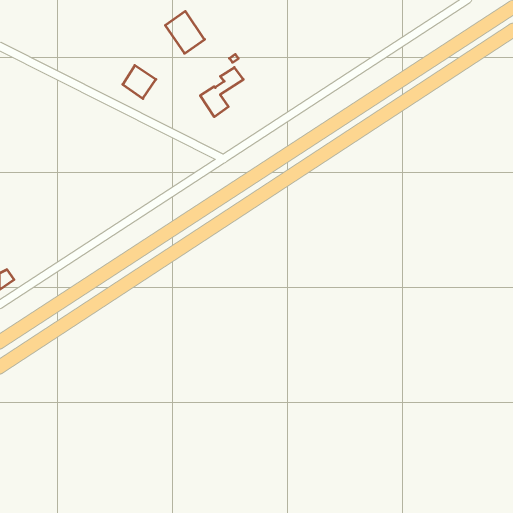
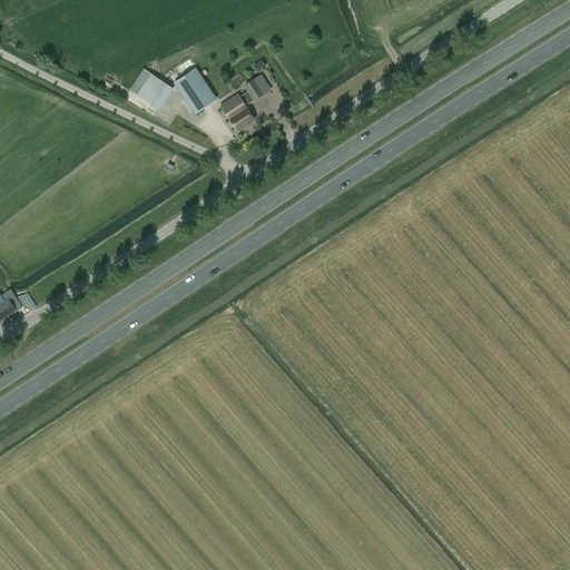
building: [165,11,205,53] -> [173,67,216,114]

